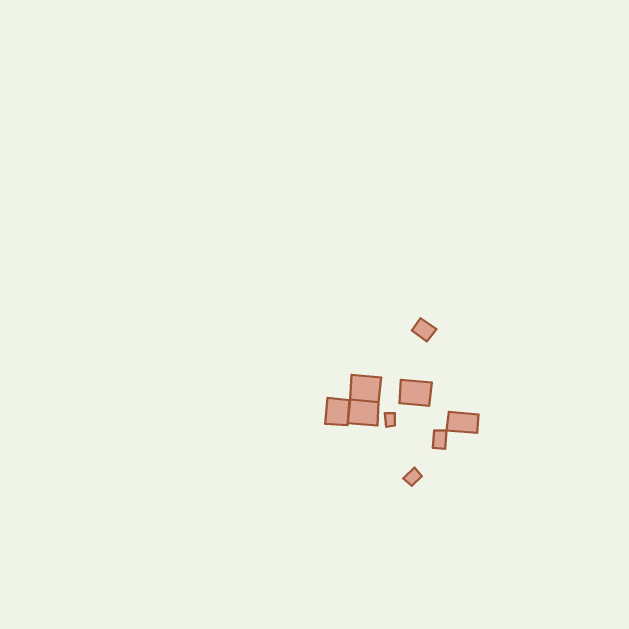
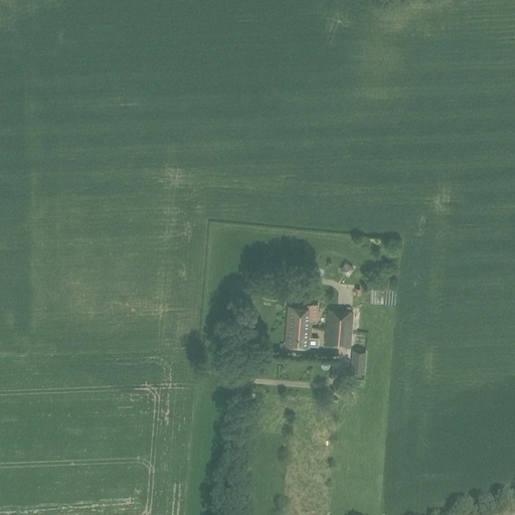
building: [325,398,350,425] -> none
building: [446,412,479,433] -> [324,330,350,347]

